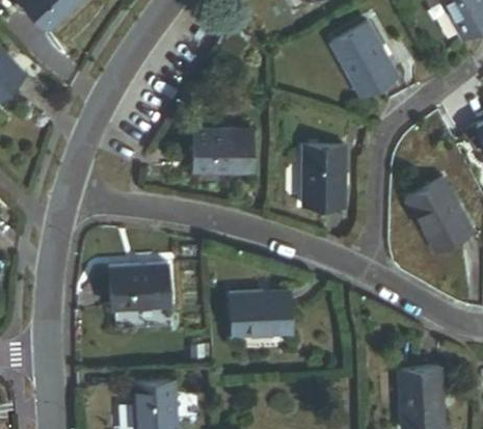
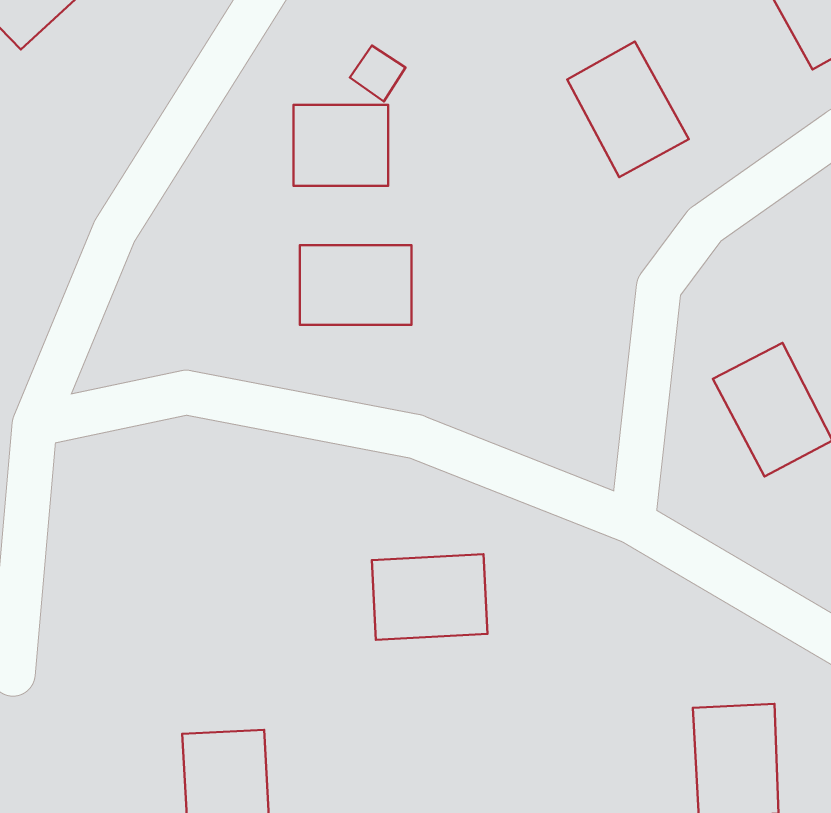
building: none -> [294,105,388,186]
building: [302,146,345,206] -> none
building: [108,264,170,310] -> none

